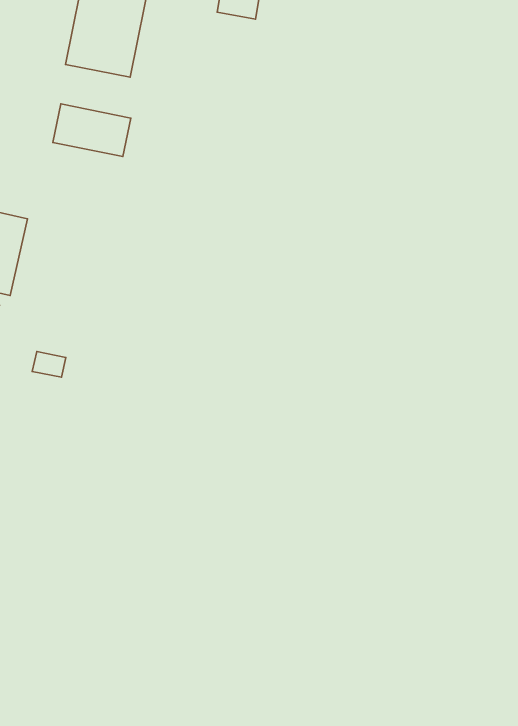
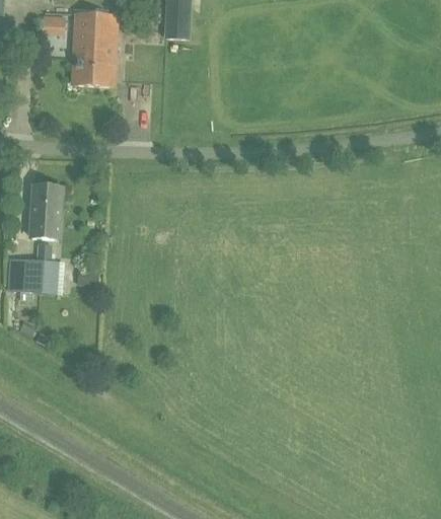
building: [53,104,131,157] -> none

